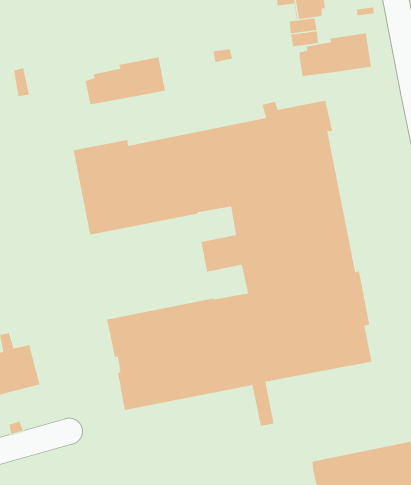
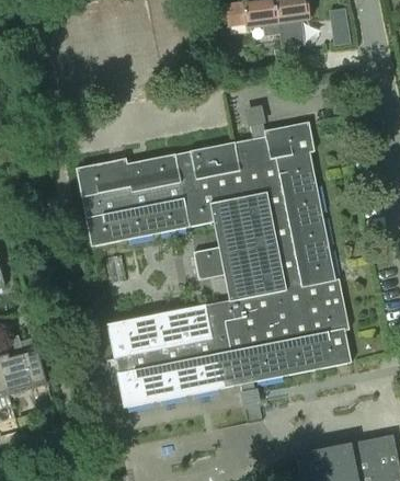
building: [298,33,372,77] -> none
building: [85,57,166,105] -> none

